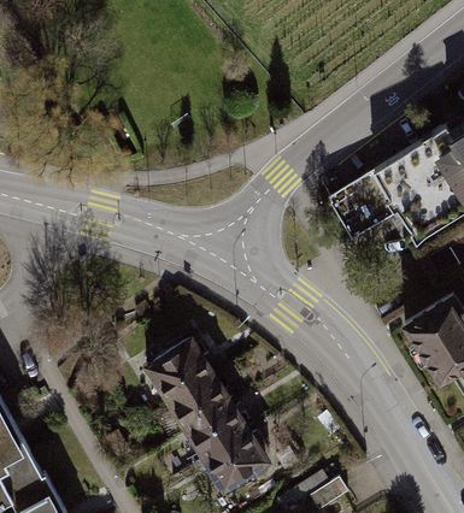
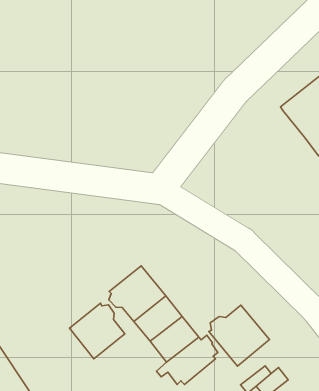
building: [330,176,398,238] -> none
building: none -> [70,303,125,359]
building: none -> [209,305,270,366]

